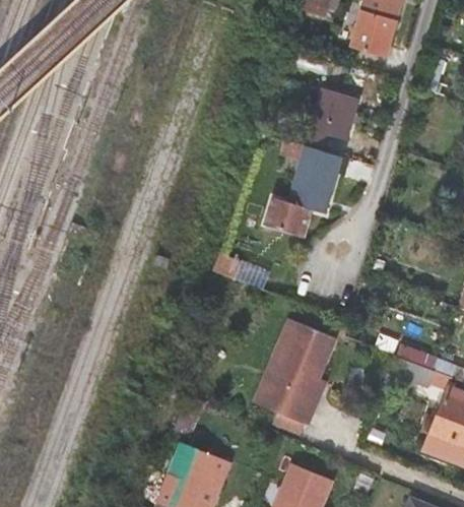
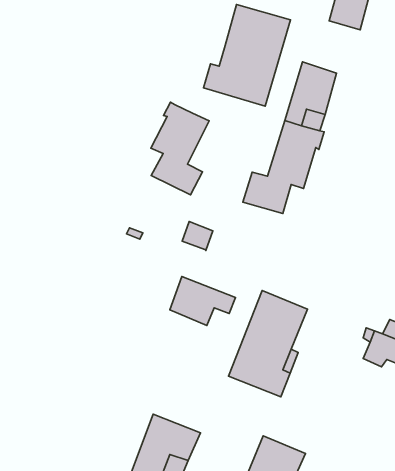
building: none -> [203,5,291,106]
building: none -> [151,102,209,195]
building: none -> [170,276,235,325]

